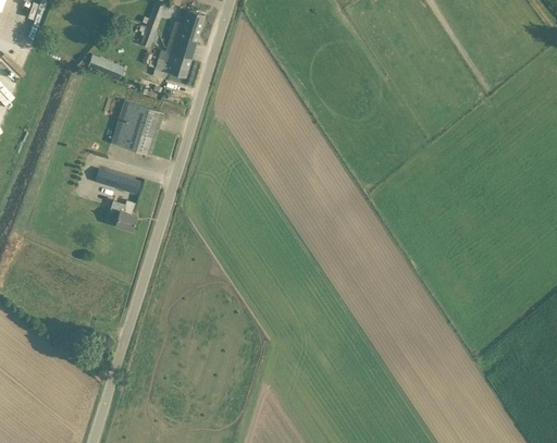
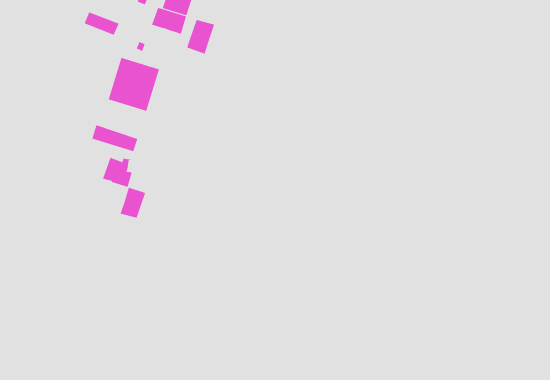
building: none -> [186,19,215,54]
building: none -> [120,187,146,219]

